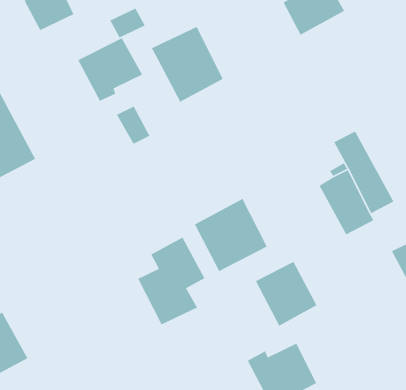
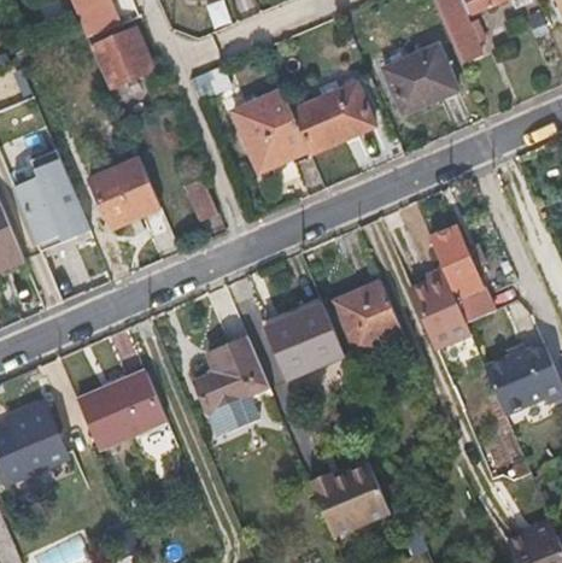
building: none -> [294,88,371,157]
building: [77,37,143,102] -> [88,159,162,230]
building: [255,261,318,327] -> [335,278,404,352]
building: none -> [78,366,171,446]

